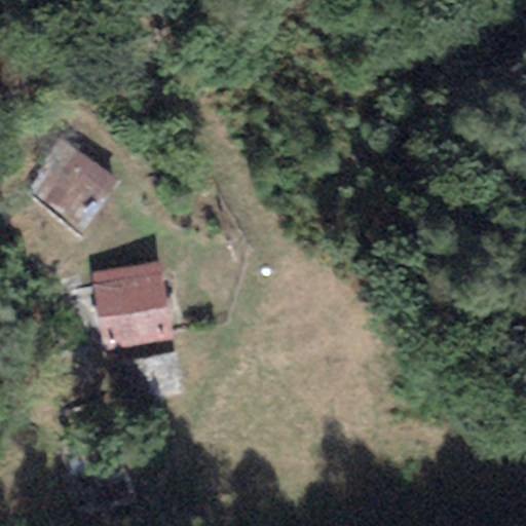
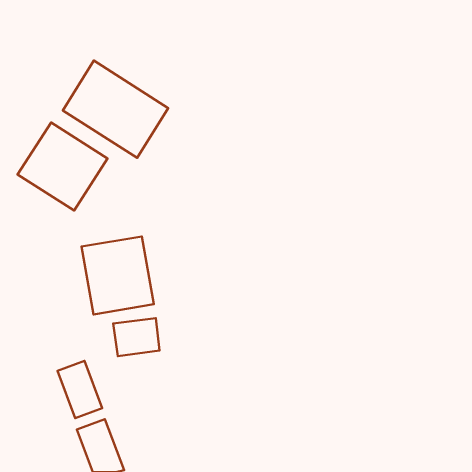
building: none -> [63,61,168,158]

